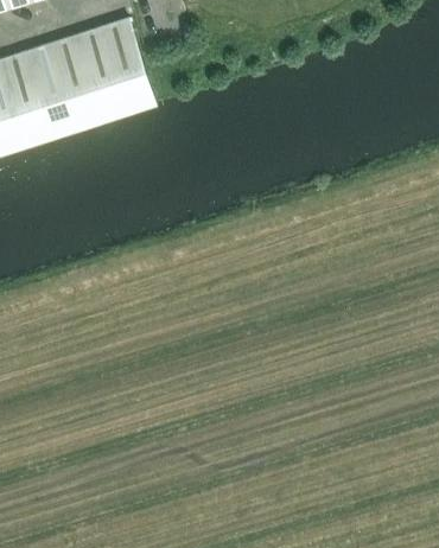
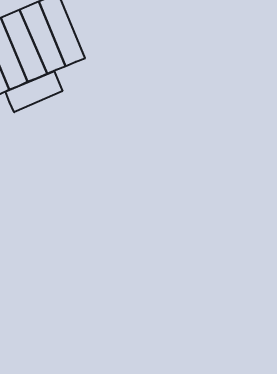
building: none -> [5,71,62,112]

